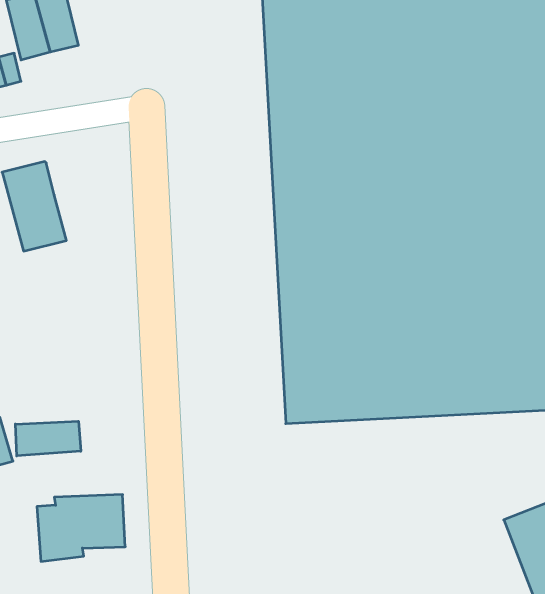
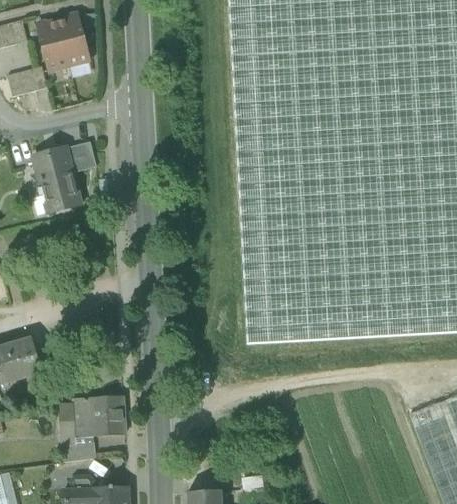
building: none -> [67,142,97,172]
building: [15,421,81,456] -> none
building: none -> [63,442,97,462]

